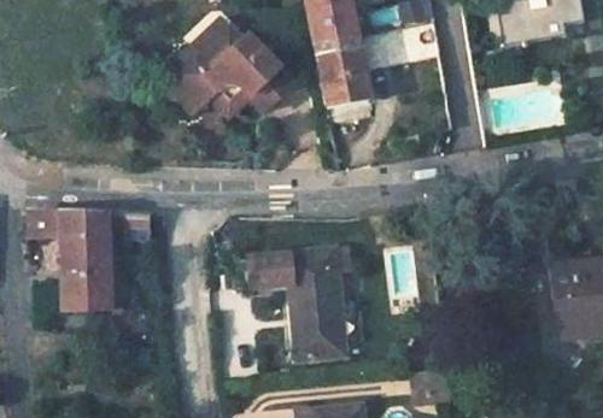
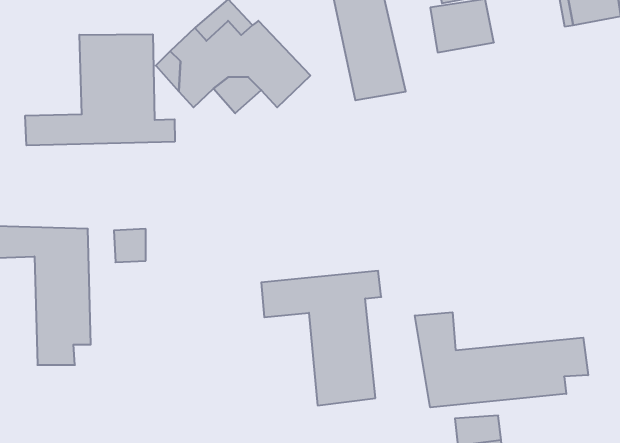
building: none -> [25,34,175,145]
building: none -> [415,312,588,407]

